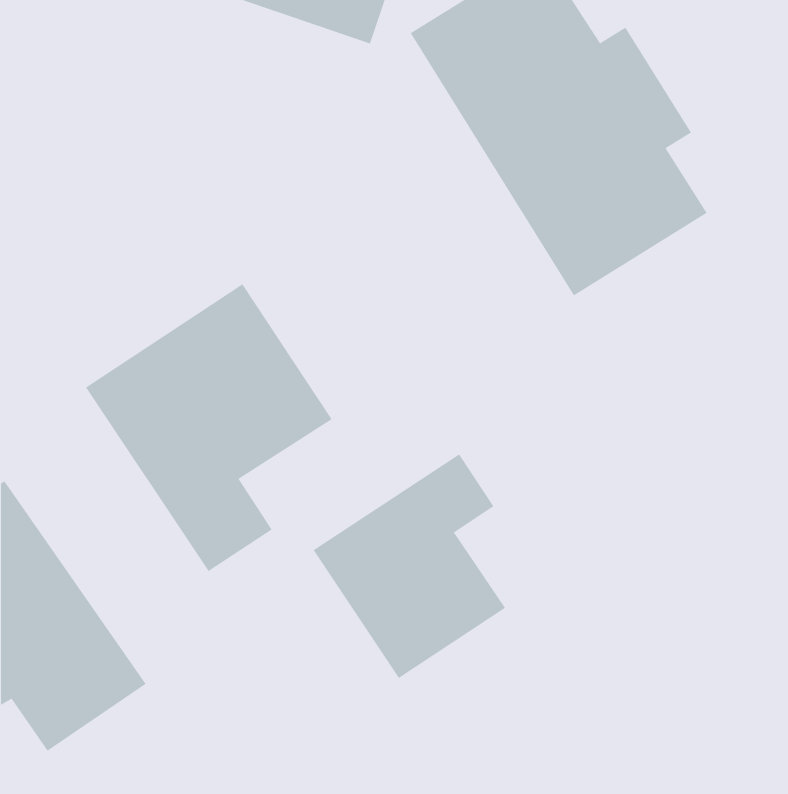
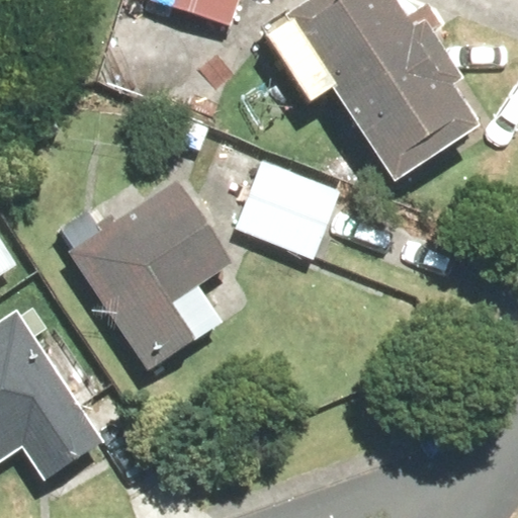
building: none -> [245,146,348,241]
building: [313,454,506,679] -> none

